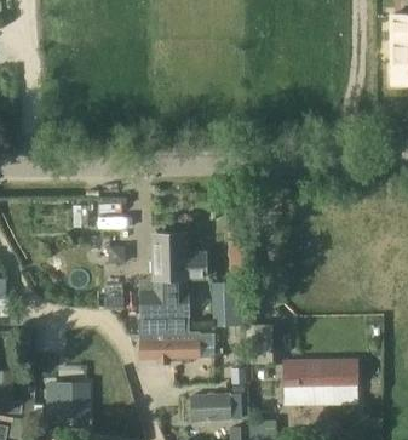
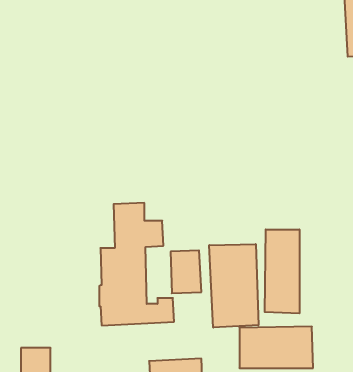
building: none -> [265,229,299,313]
building: none -> [209,244,258,328]

